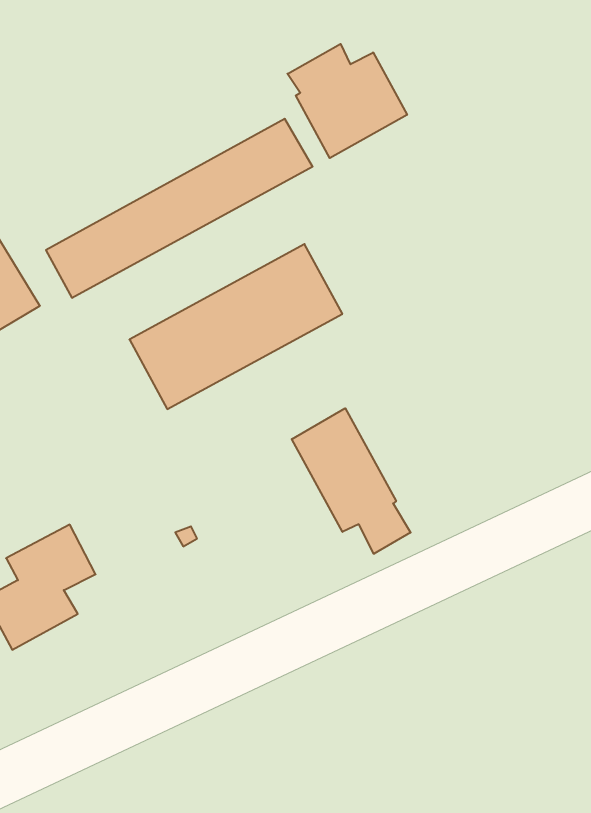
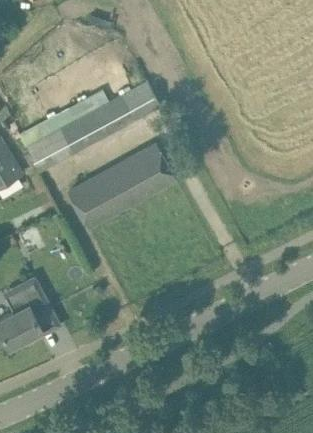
building: [287,44,407,158] -> none
building: [292,408,411,554] -> none

